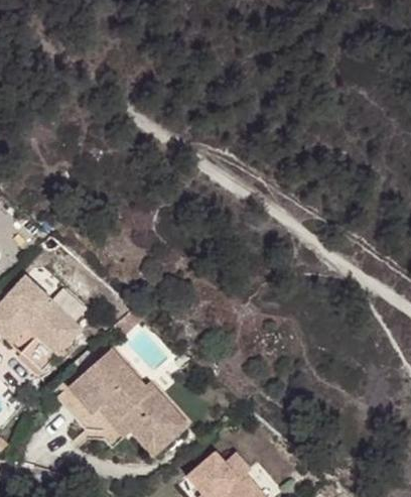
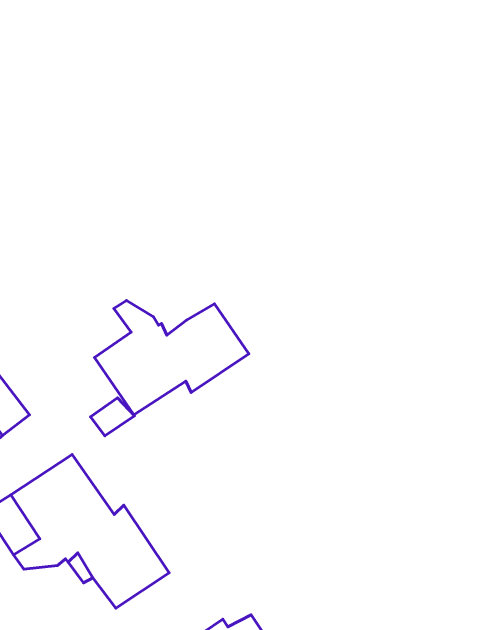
building: none -> [94,301,249,415]

